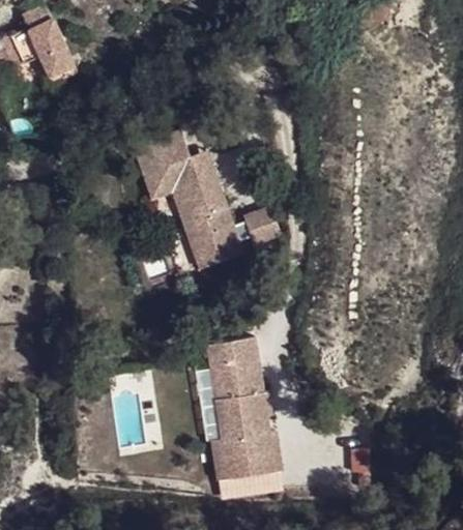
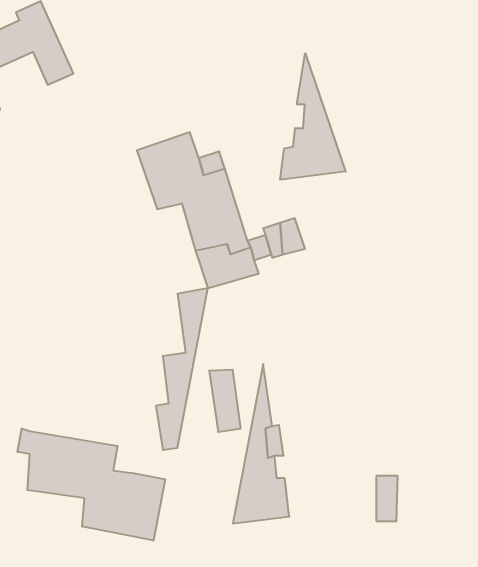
building: none -> [280,53,346,180]
building: [202,341,250,489] -> [156,288,208,450]
building: none -> [17,428,165,541]

